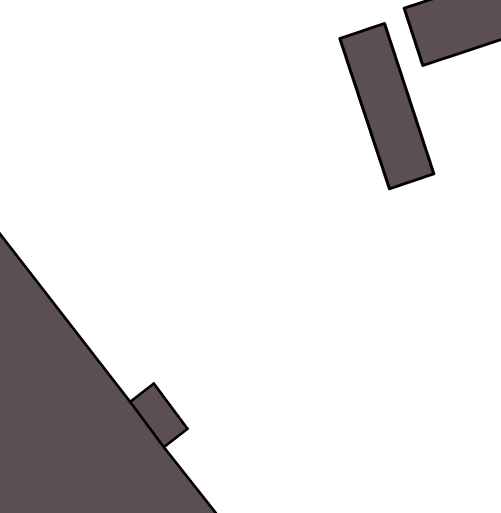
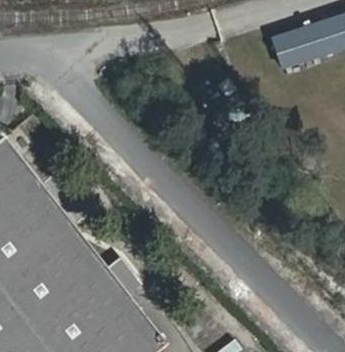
building: [340,24,434,189] -> none

